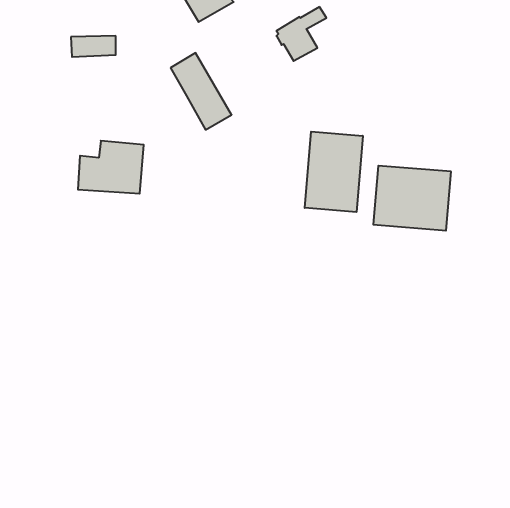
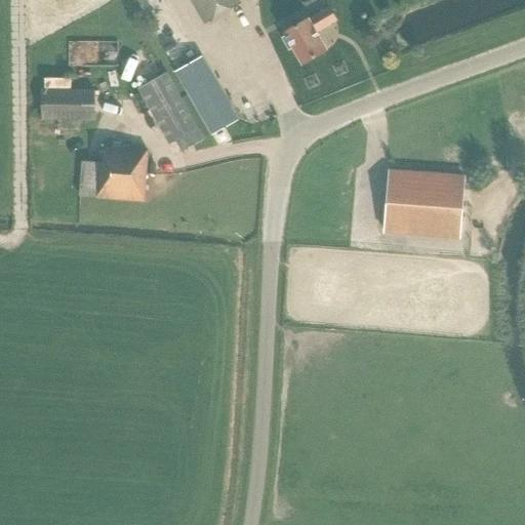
building: none -> [137,70,203,150]
building: none -> [40,88,93,128]
building: [305,132,363,212] -> none

